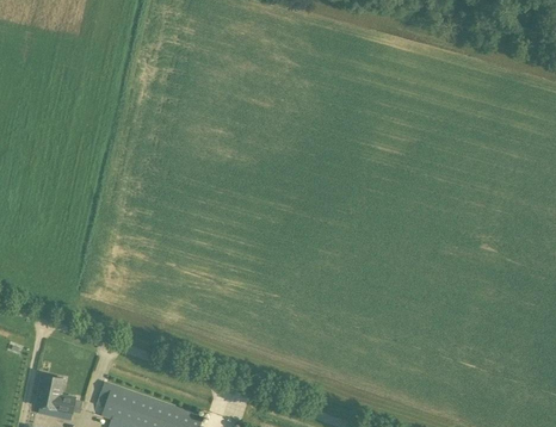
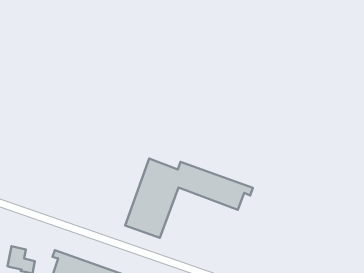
building: none -> [125,158,253,238]

